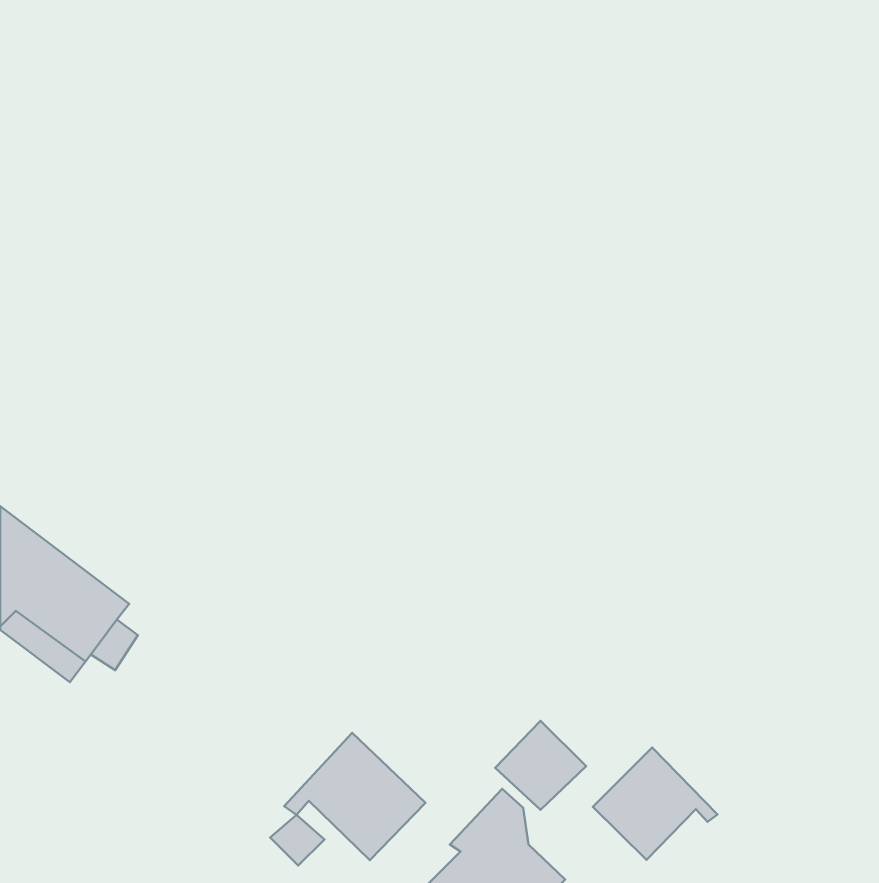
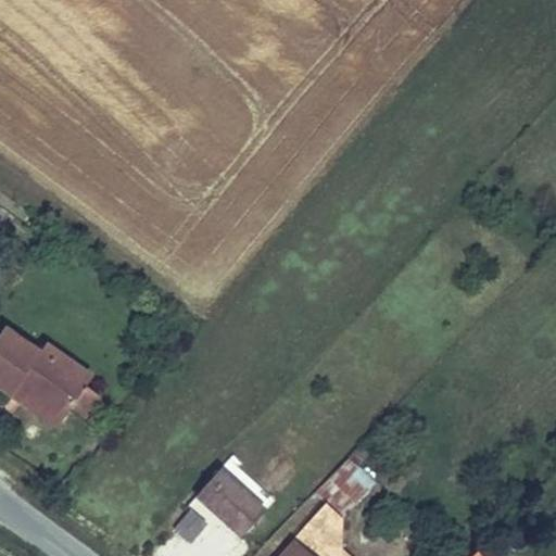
building: [593,748,718,860] -> none

